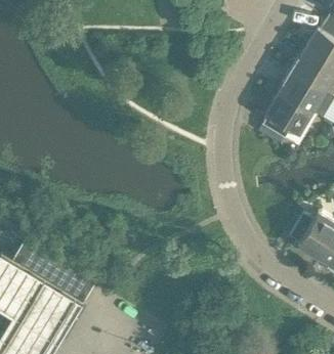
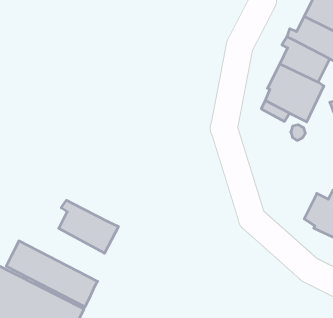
building: none -> [59,200,118,253]

